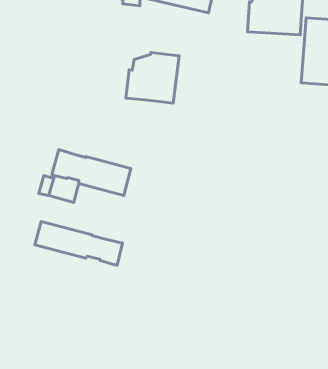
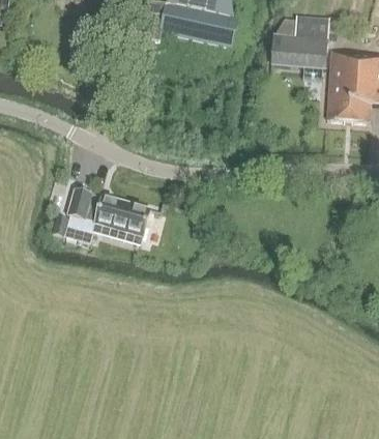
building: [126,53,179,103] -> none
building: [35,221,123,265] -> none

